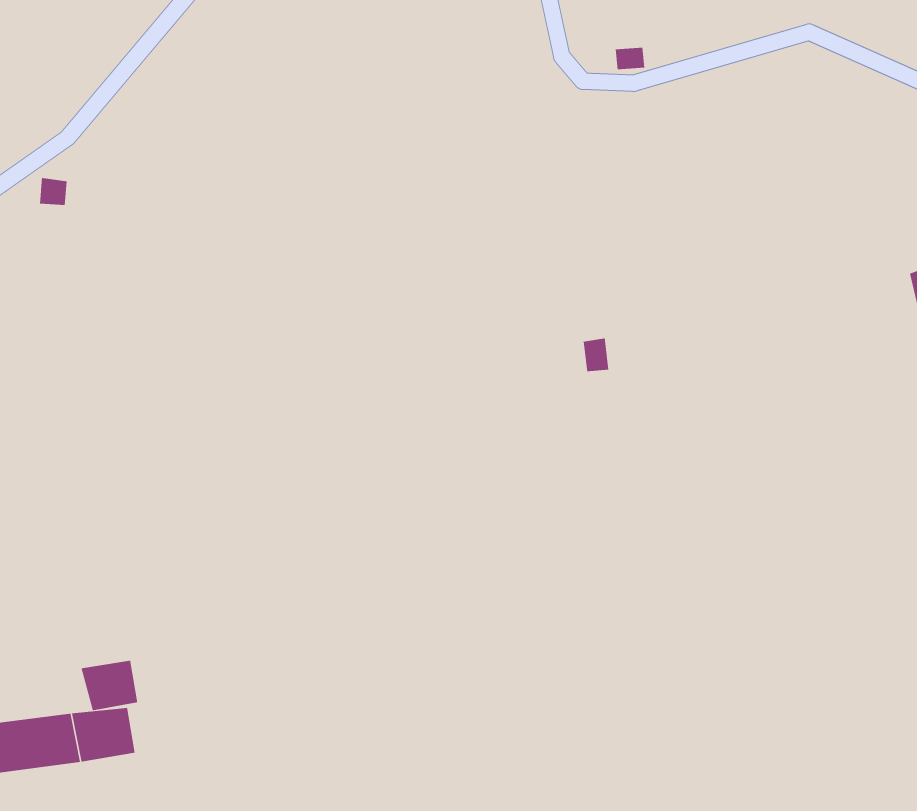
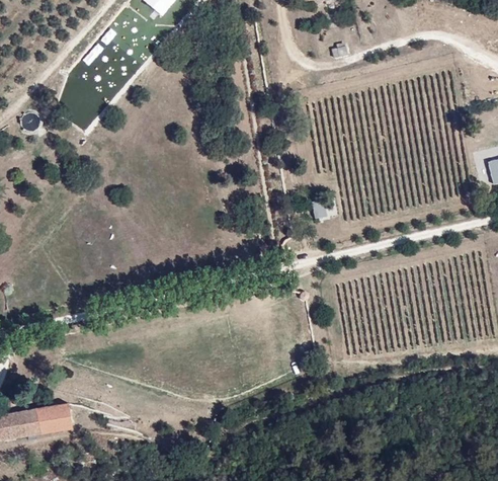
building: [81,660,138,711] -> none

